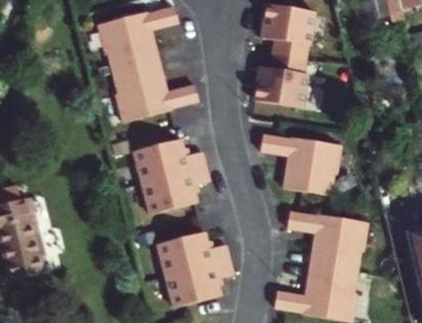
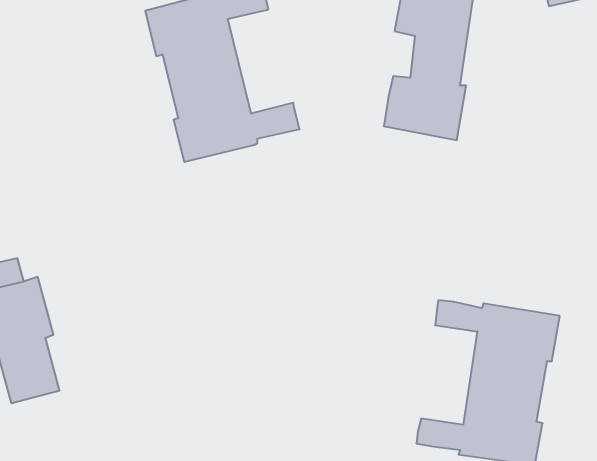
building: [260,133,341,195] -> none
building: [136,139,210,214] -> none
building: [158,231,232,307] -> none

